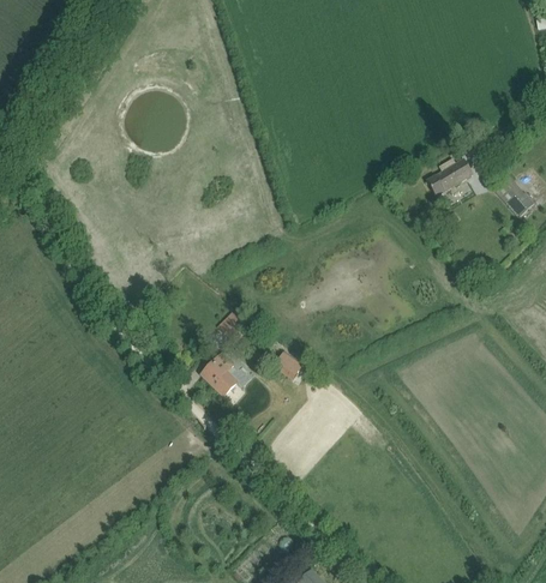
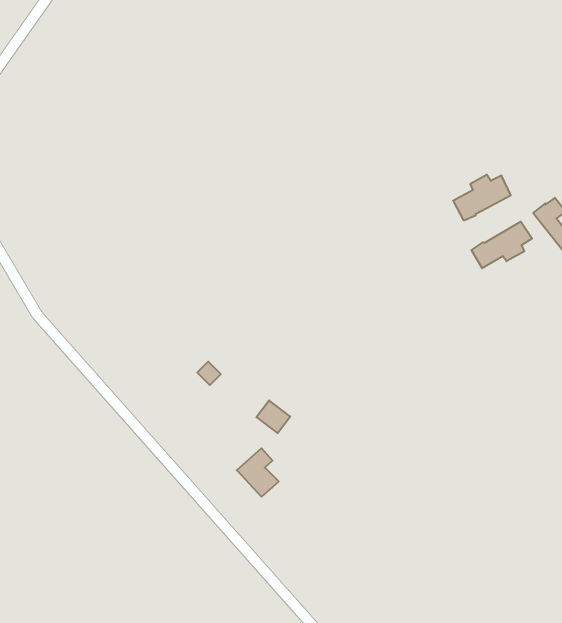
building: none -> [472,222,532,268]
building: [202,354,236,393] -> [237,448,279,497]

